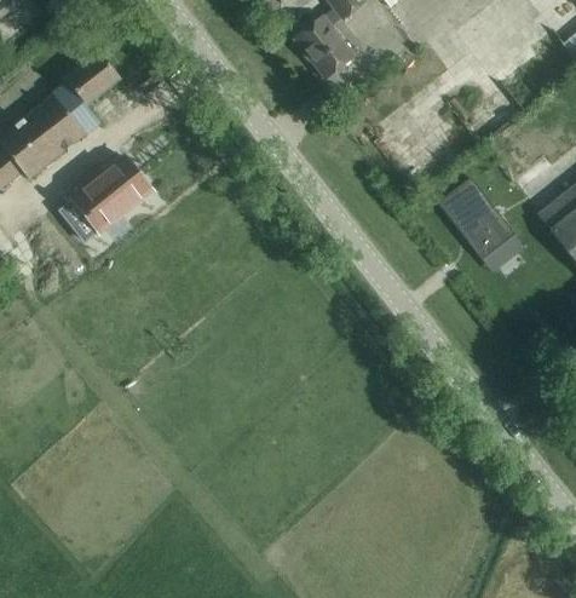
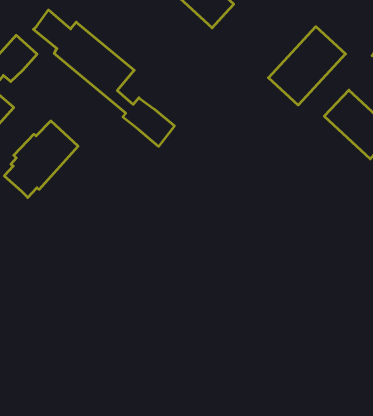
building: none -> [33,10,174,146]
building: none -> [268,27,346,105]

